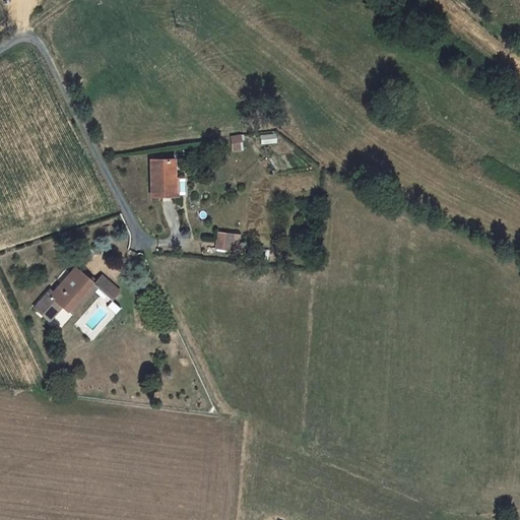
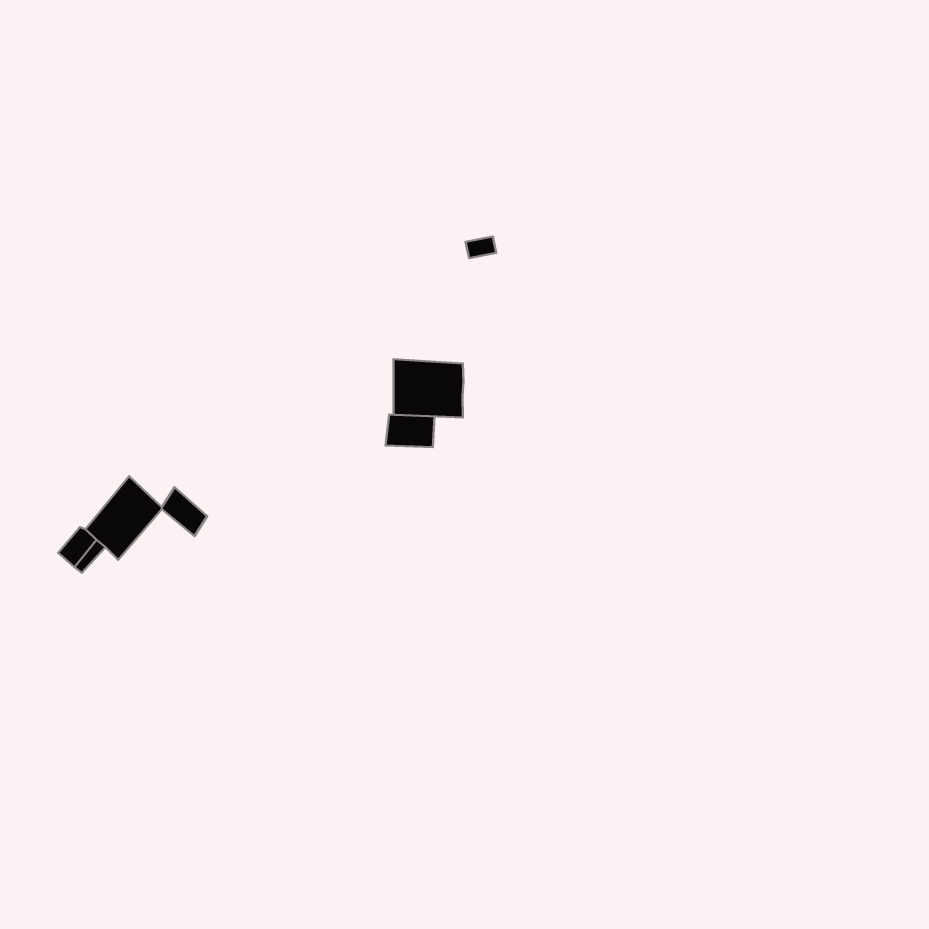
building: [154,162,178,196] -> none
building: none -> [393,359,463,417]

